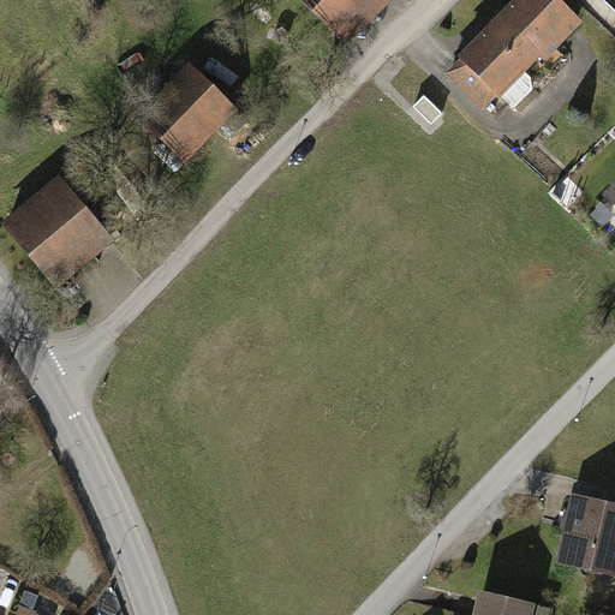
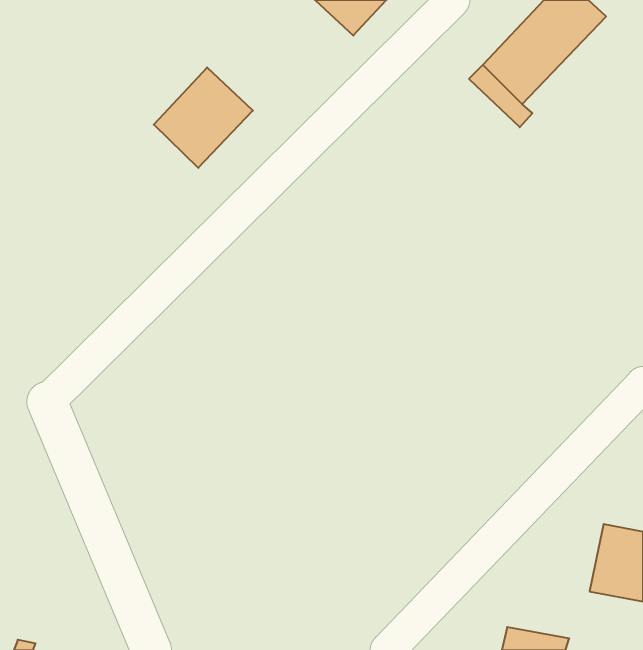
building: [7,177,111,280] -> none

